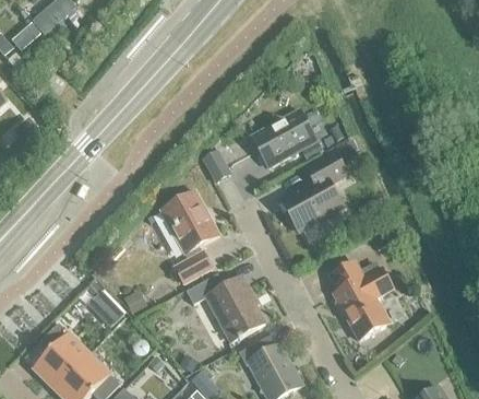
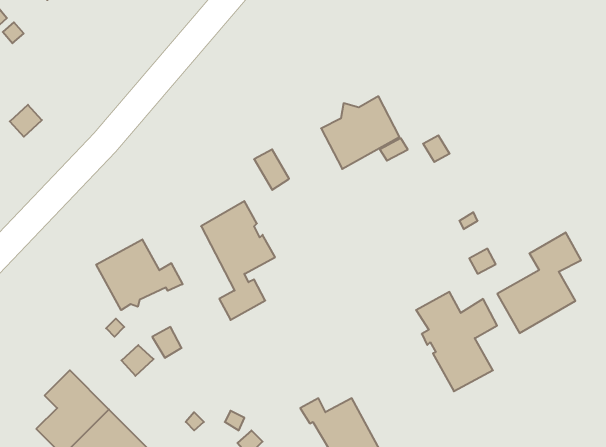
building: [282,151,347,230] -> [497,232,581,333]
building: none -> [96,239,183,310]
building: [187,272,265,340] -> none

